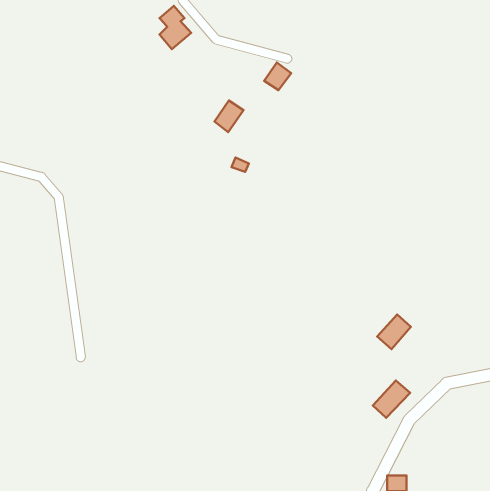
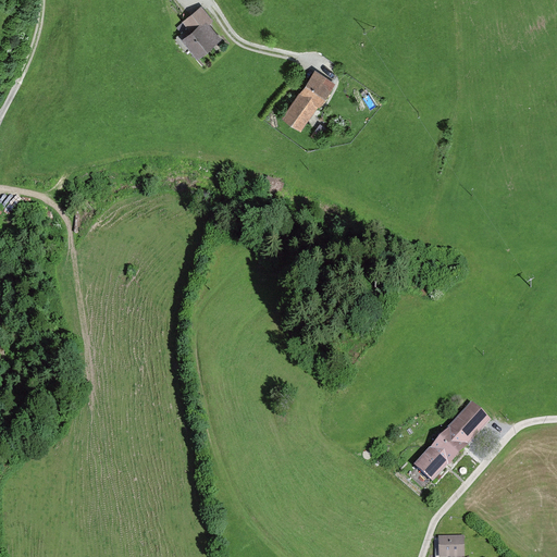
building: [215,100,243,132] -> [284,91,317,127]
building: [377,314,411,349] -> [449,406,487,445]

